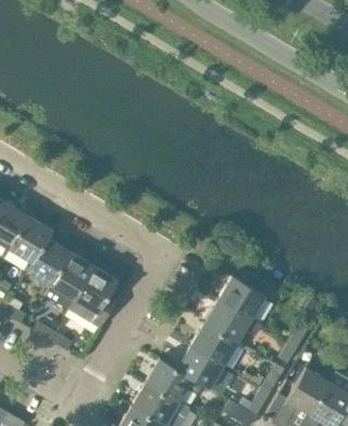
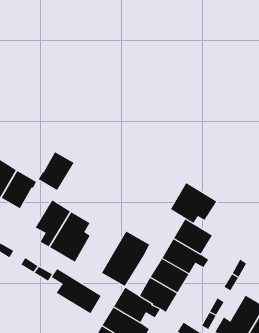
building: none -> [170,182,217,224]
building: [27,238,72,286] -> [38,151,75,191]
building: none -> [101,230,150,287]
building: none -> [51,268,102,314]

